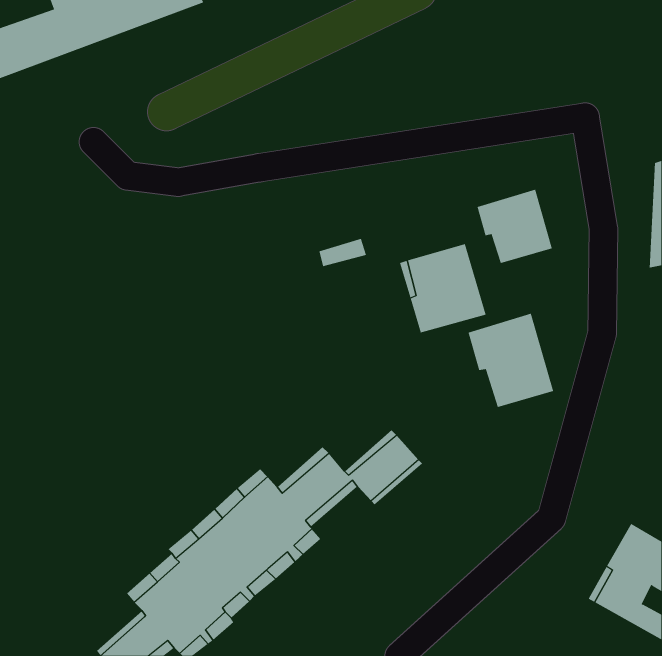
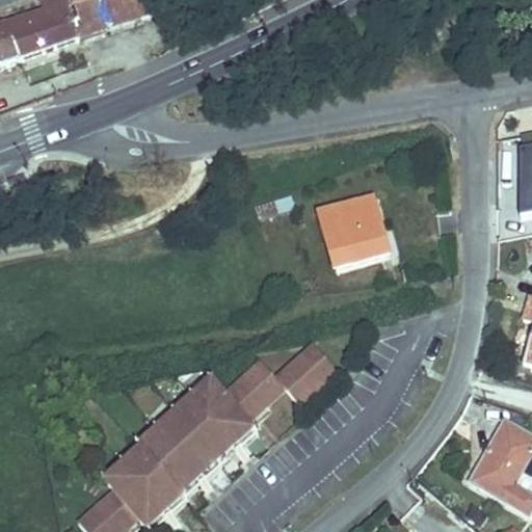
building: [477,189,553,264] -> none
building: [468,313,554,408] -> none

